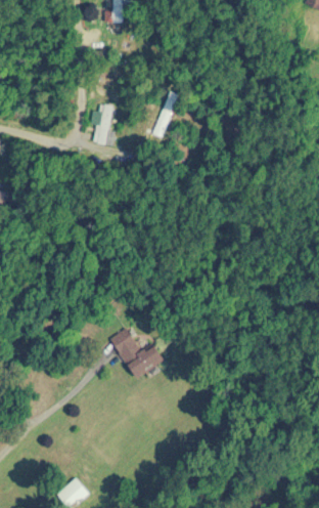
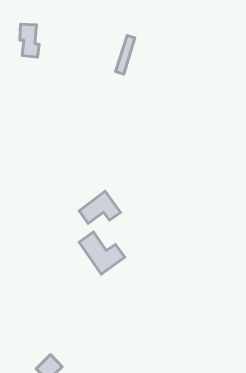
building: [91,105,115,145] -> [20,24,39,57]
building: none -> [79,191,120,224]

